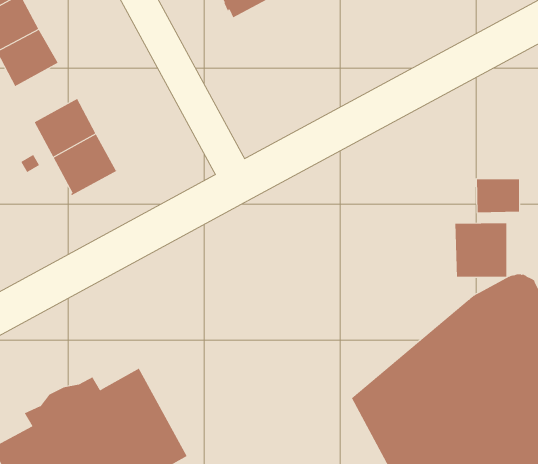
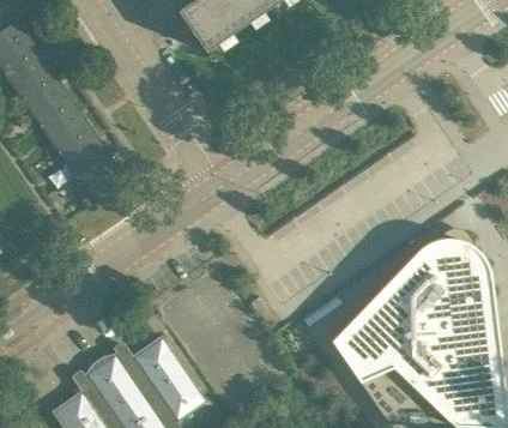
building: none -> [38,98,89,147]
building: [477,178,519,213] -> none
building: [455,222,507,277] -> none

